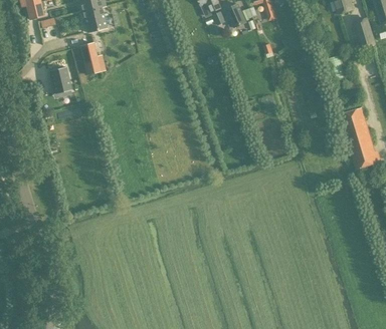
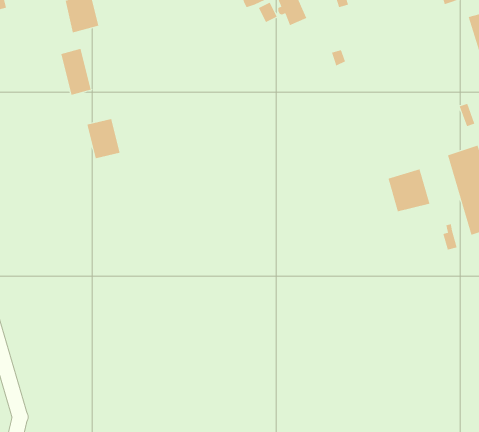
building: [48,66,71,93] -> [86,119,121,159]
building: none -> [388,169,430,212]

